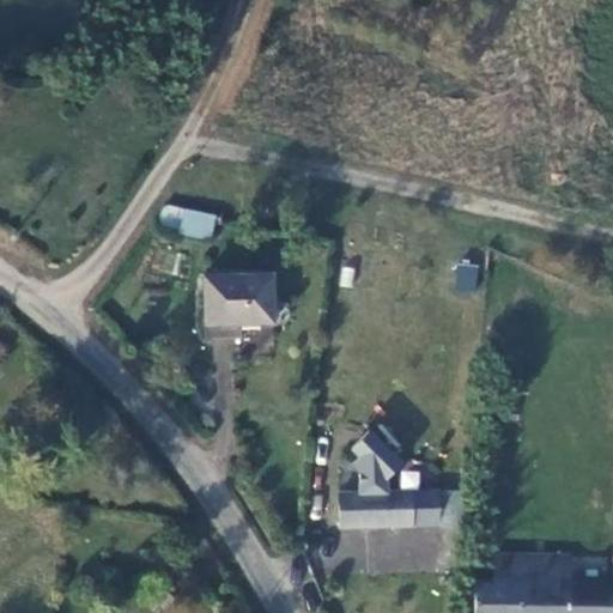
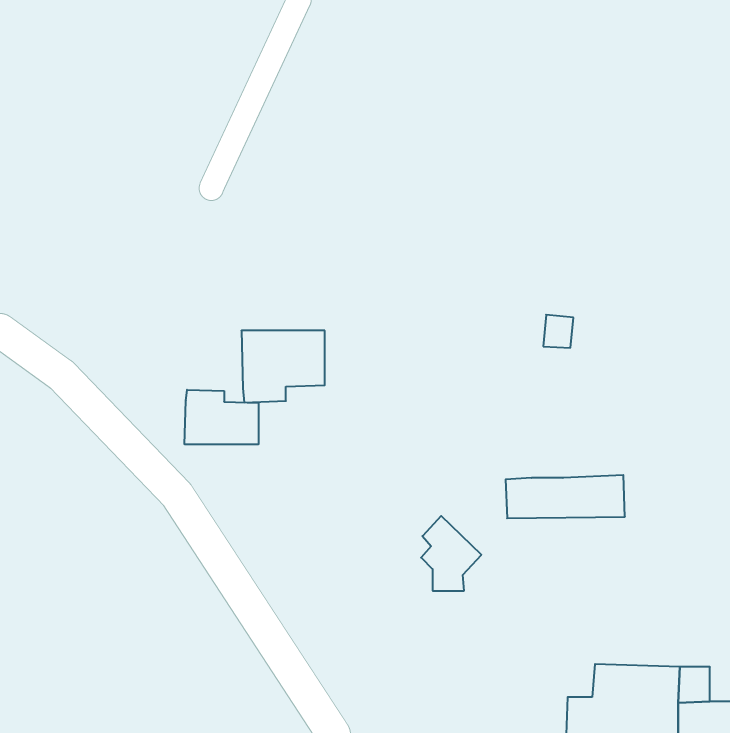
building: [153,204,214,241] -> none
building: none -> [185,390,258,444]
building: [342,491,442,527] -> [506,475,625,518]

